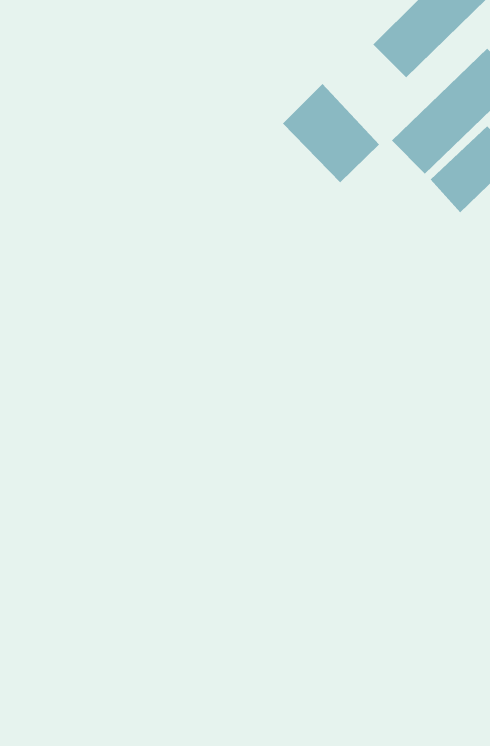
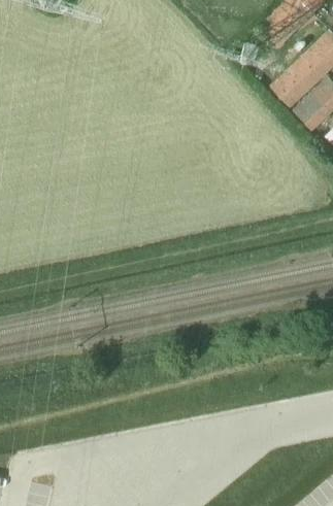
building: [282,83,380,183] -> none

